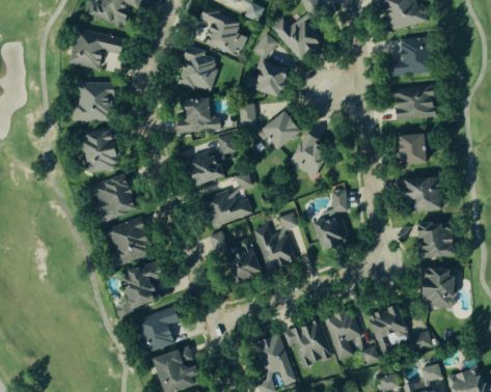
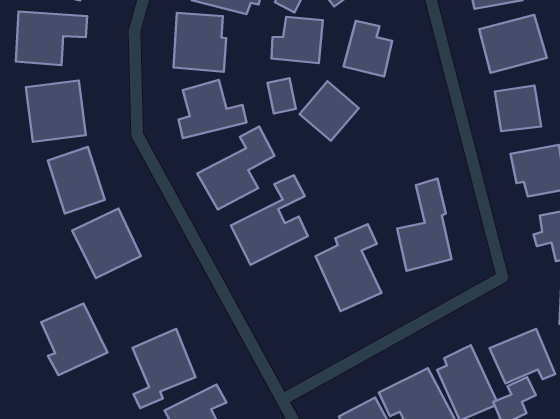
building: [291,134,327,175] -> [343,21,392,77]
building: [110,219,153,265] -> [41,304,108,375]
building: [209,232,260,280] -> none

